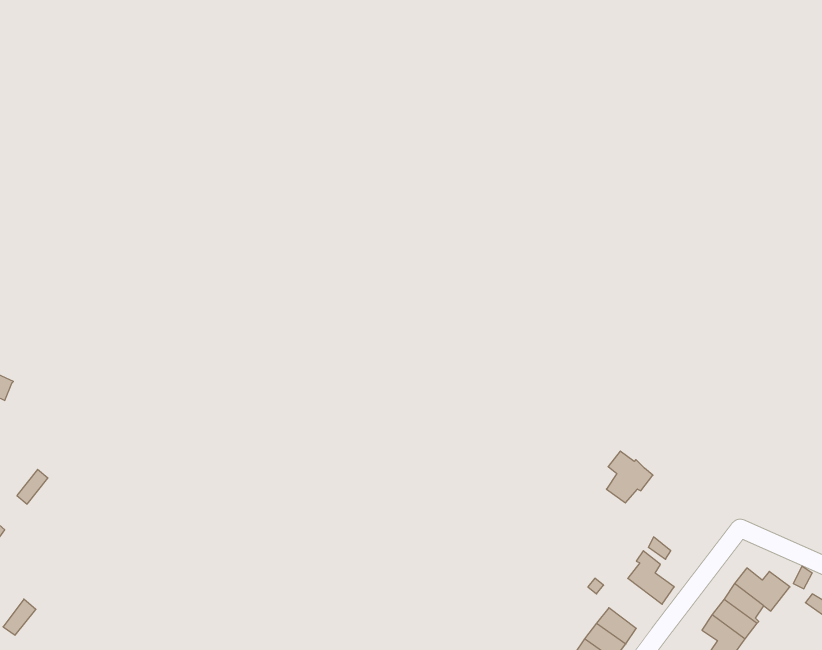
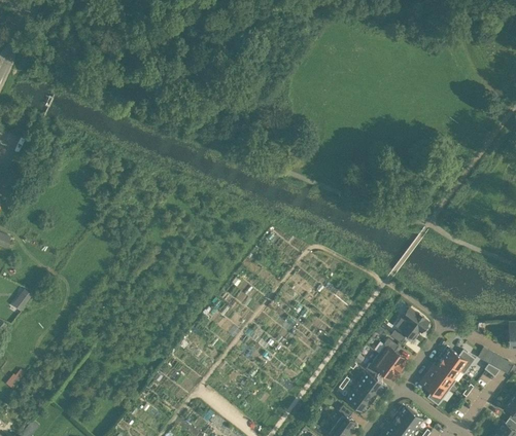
building: [606,451,653,503] -> [400,308,427,339]
building: none -> [365,355,398,379]

